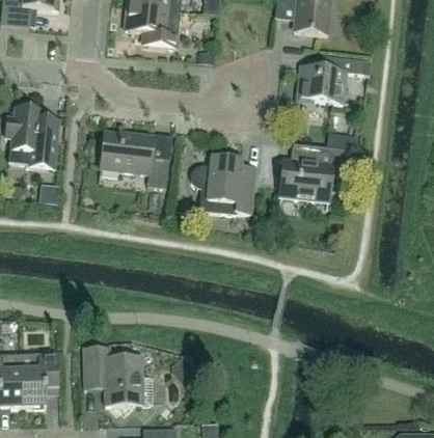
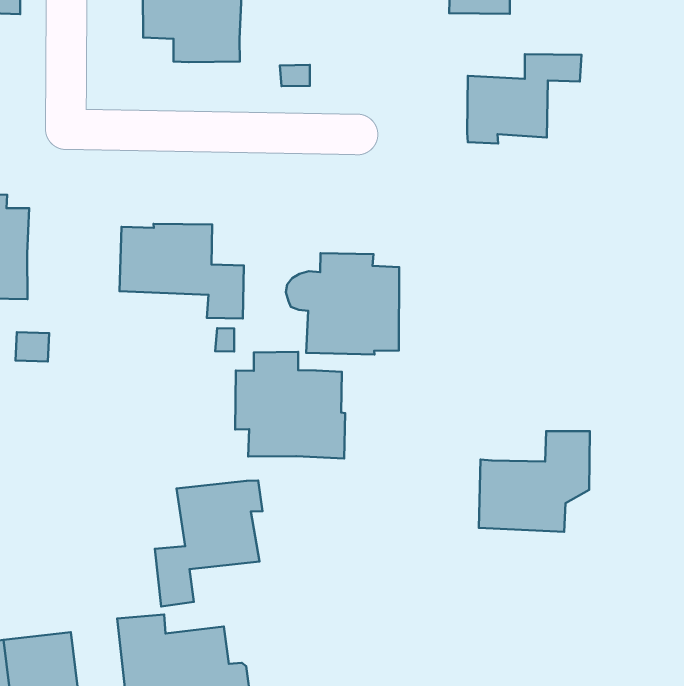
building: [280,146,346,202] -> [479,431,590,532]
building: none -> [235,352,345,458]
building: none -> [155,480,263,606]

